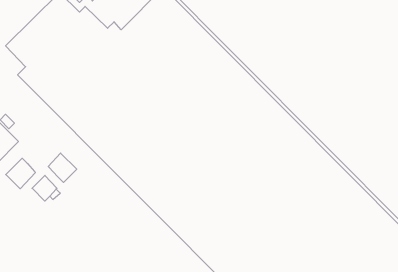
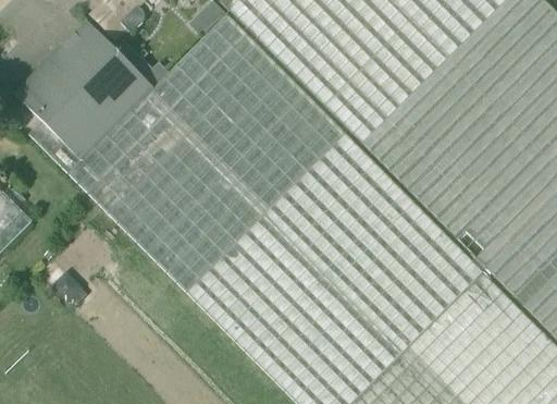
building: [48,153,77,182] -> none
building: [6,158,35,189] -> none

